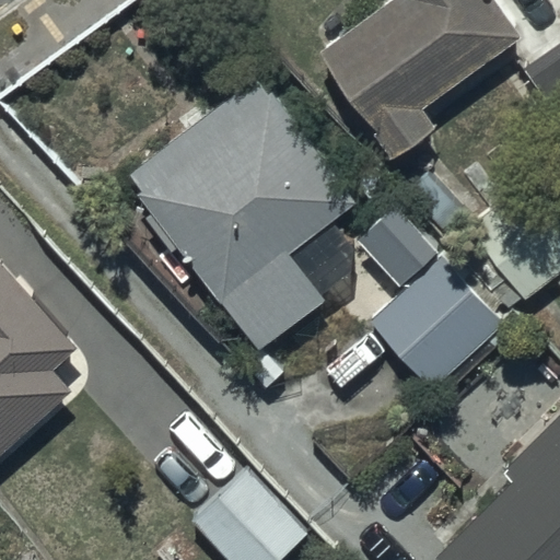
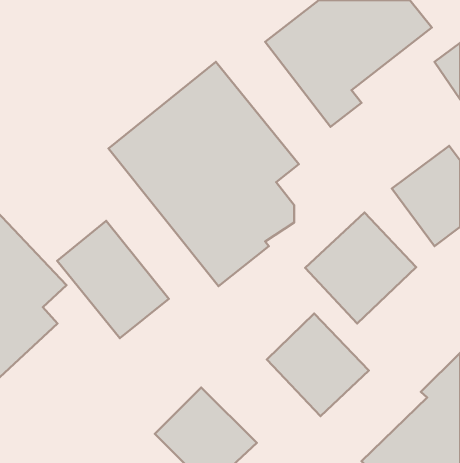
building: none -> [57,221,169,338]
building: none -> [267,314,369,416]

